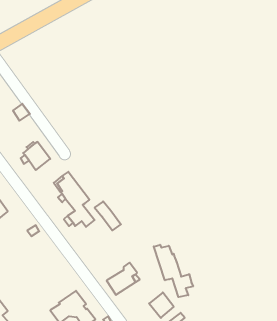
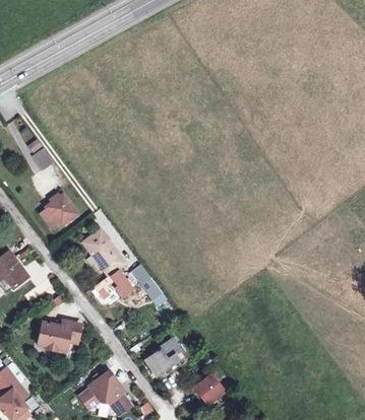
building: [154,245,193,297] -> none
building: none -> [38,322,81,351]

